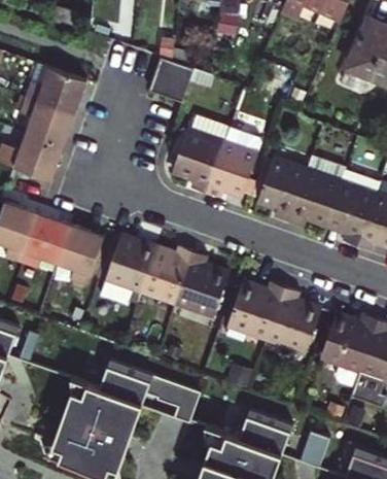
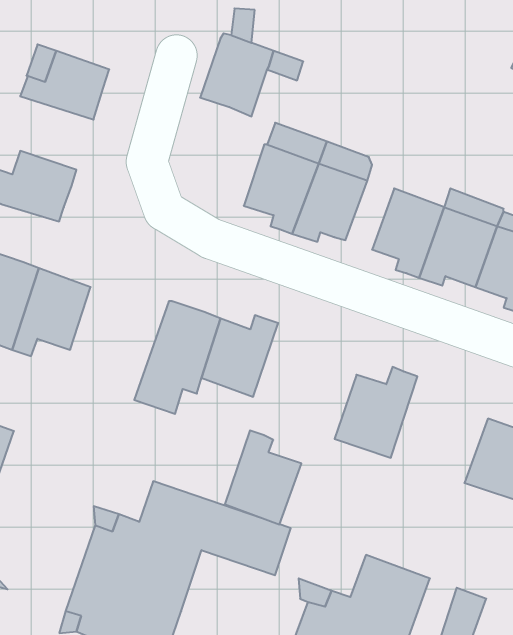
building: [19,101,72,149] -> none
building: [57,227,102,290] -> none
building: [177,250,227,312] -> [225,430,301,524]
building: [268,285,331,355] -> none

